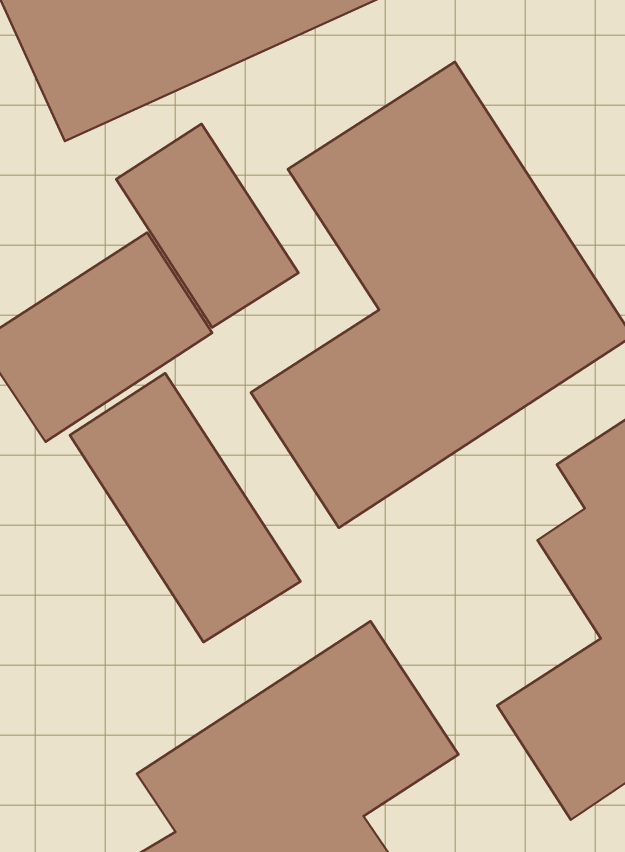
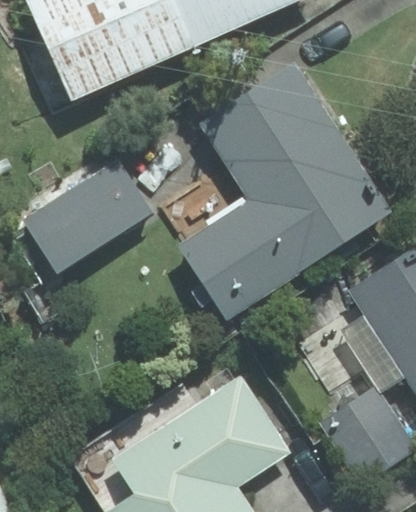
building: [116,124,299,327] -> none
building: [70,373,300,642] -> none

